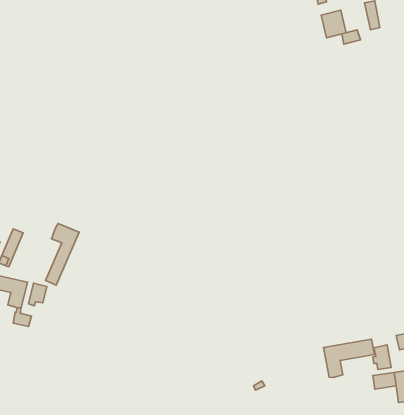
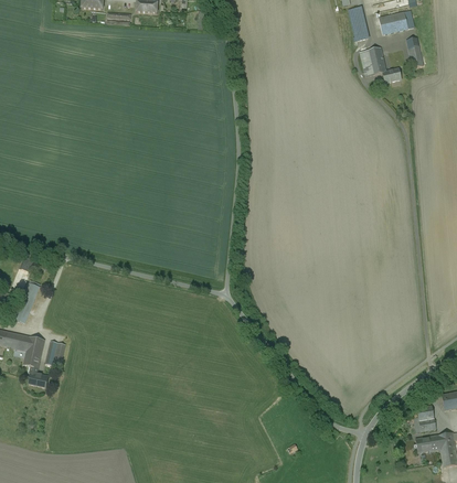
building: [45,224,79,285] -> none
building: [323,339,374,378] -> none

